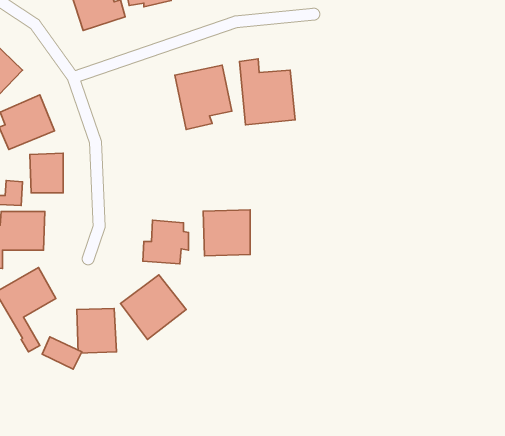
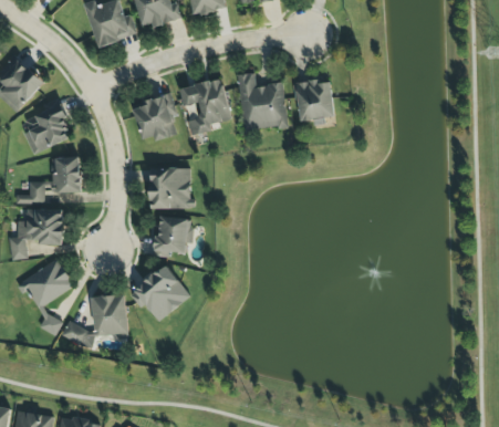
building: none -> [294,80,335,124]
building: none -> [133,95,178,140]
building: [203,210,250,256] -> [149,168,191,209]

